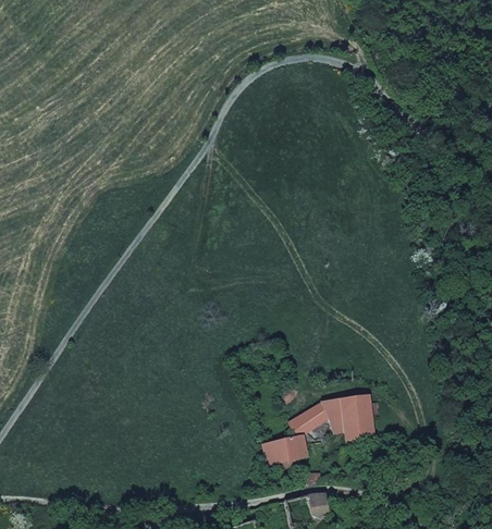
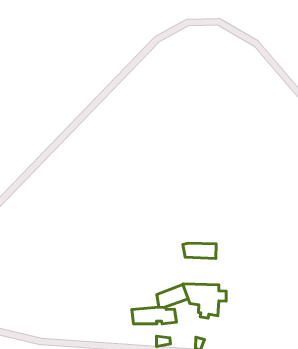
building: none -> [183,243,216,258]

